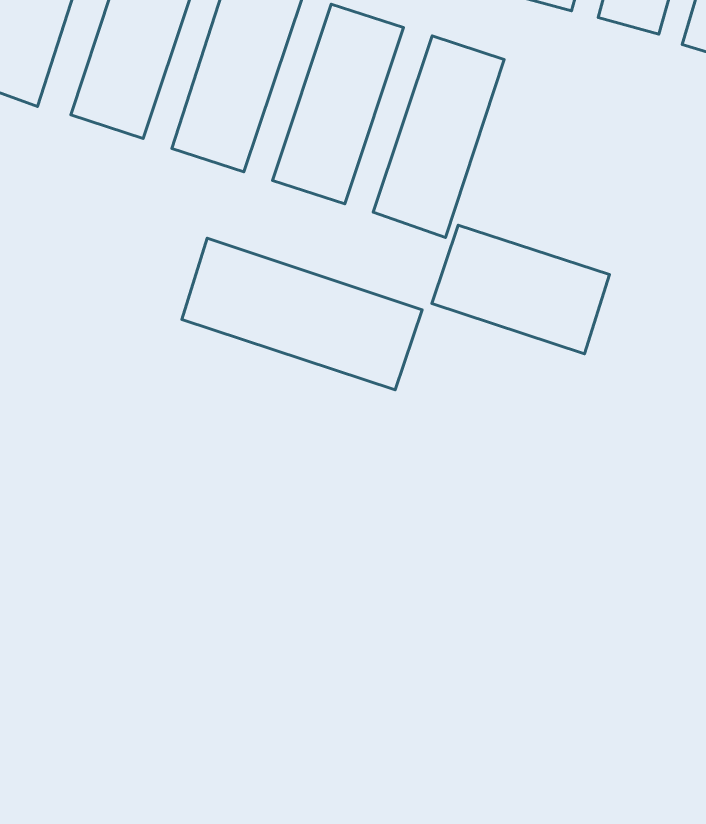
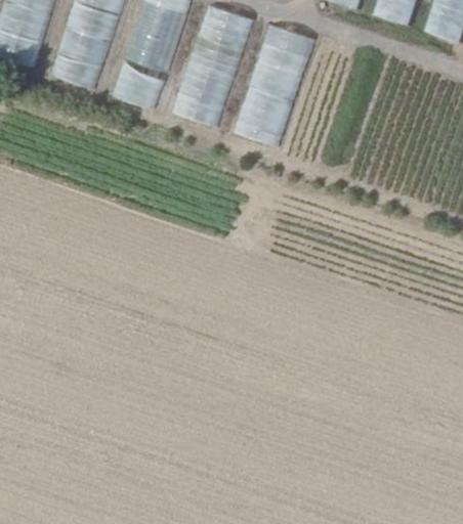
building: [432,225,609,354] -> none
building: [182,238,422,390] -> none

